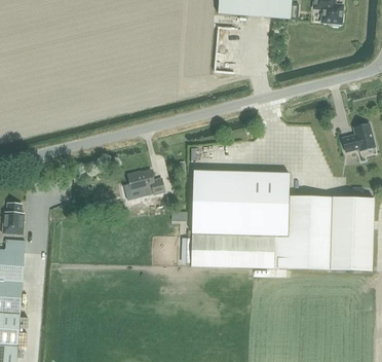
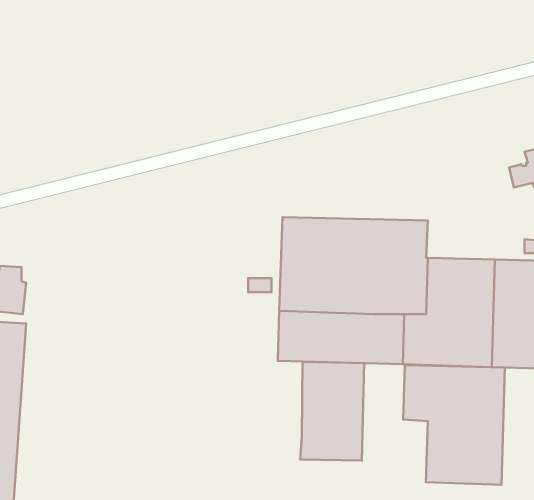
building: [126,170,163,196] -> none
building: none -> [300,362,364,461]
building: none -> [403,365,505,485]

